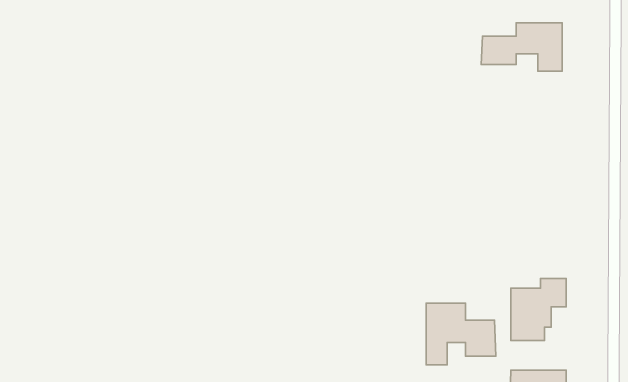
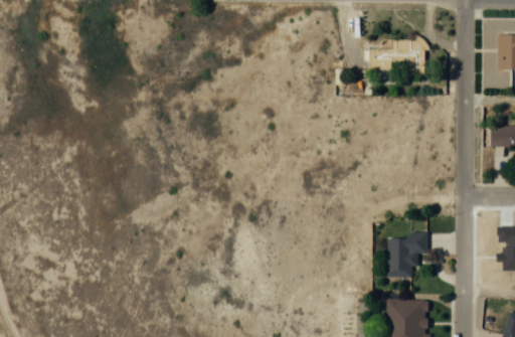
building: [426,303,496,365] -> none

